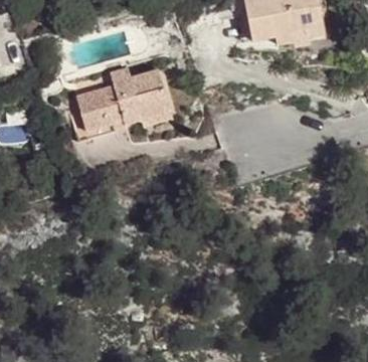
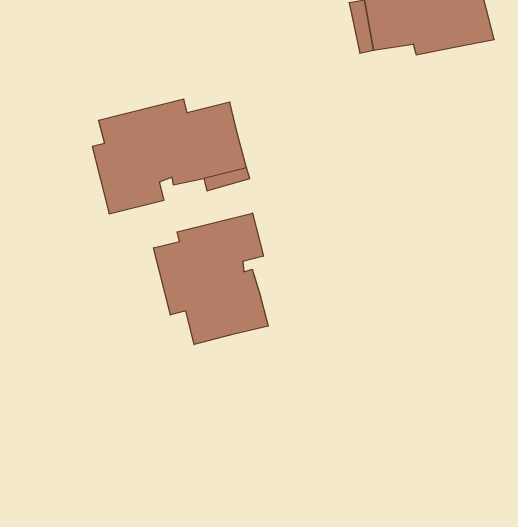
building: none -> [154,213,268,345]

